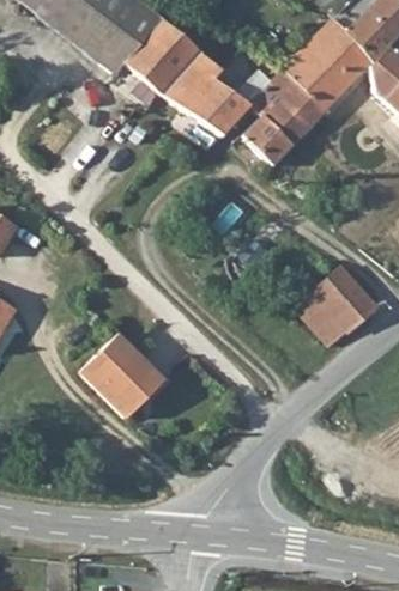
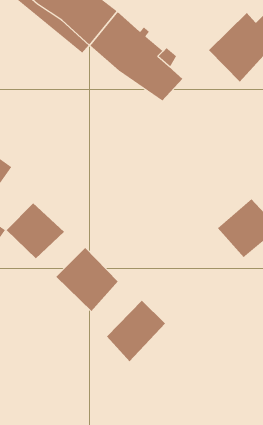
building: [237,72,326,170] -> none
building: none -> [6,202,65,259]
building: none -> [106,300,166,362]

